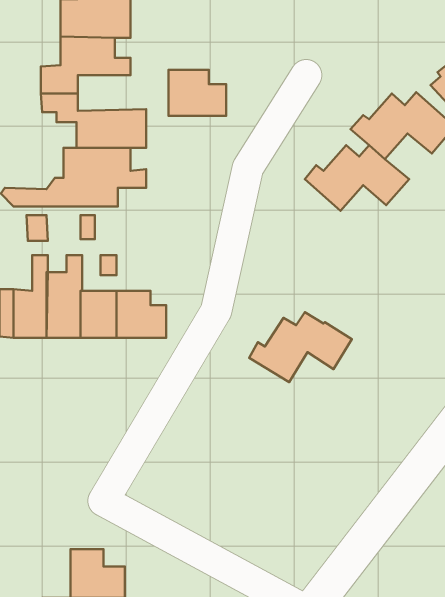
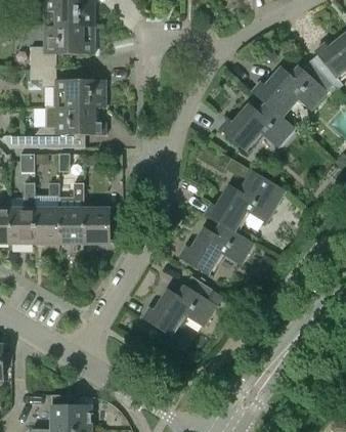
building: [168,70,226,116] -> none
building: none -> [205,171,285,232]
building: none -> [142,285,222,337]

